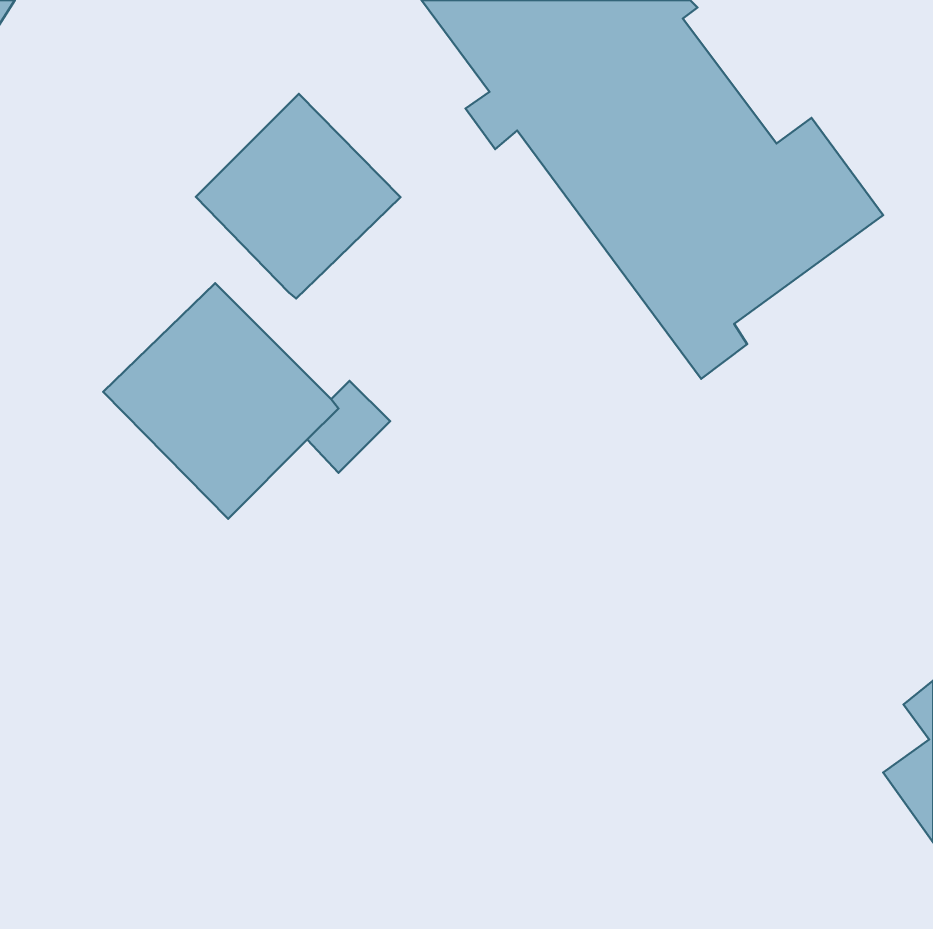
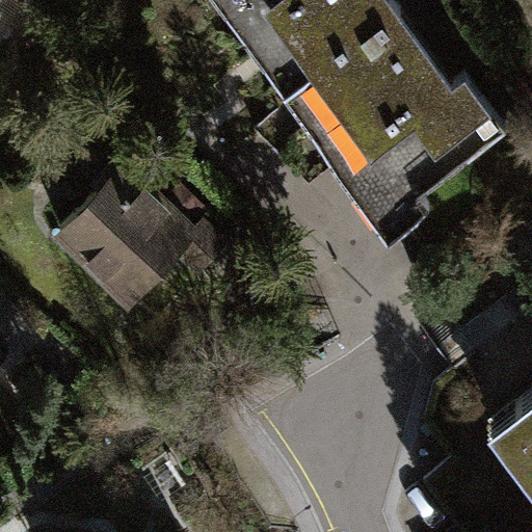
building: [196,94,401,299] -> none

